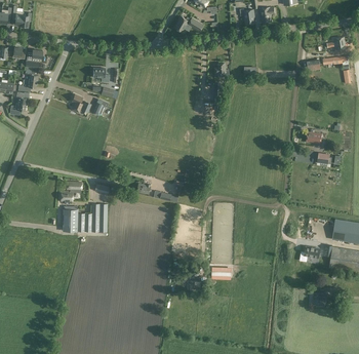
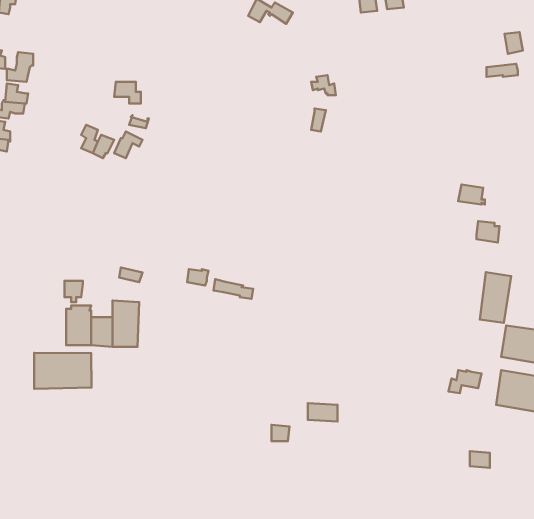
building: none -> [480,272,511,323]
building: none -> [34,353,92,389]

